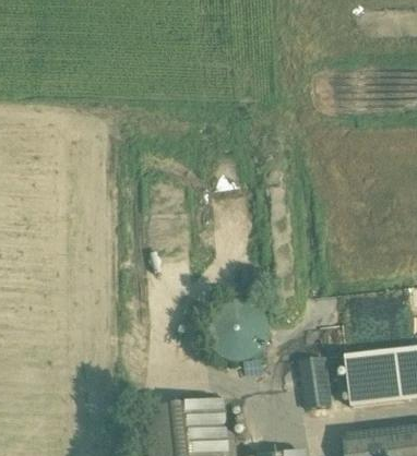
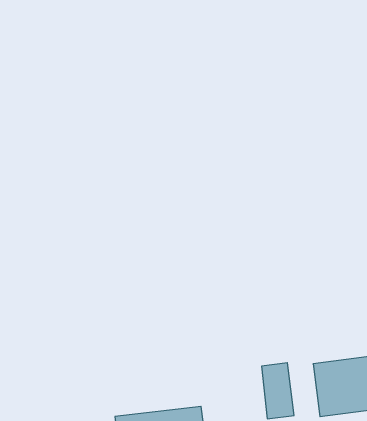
building: [205,298,265,358] -> none

